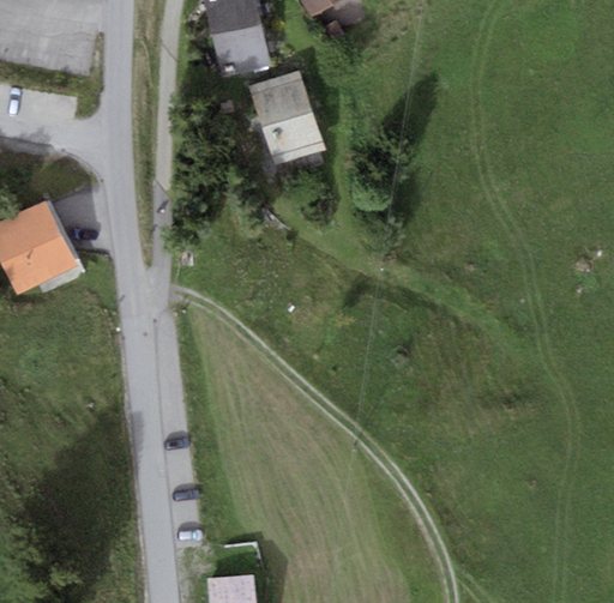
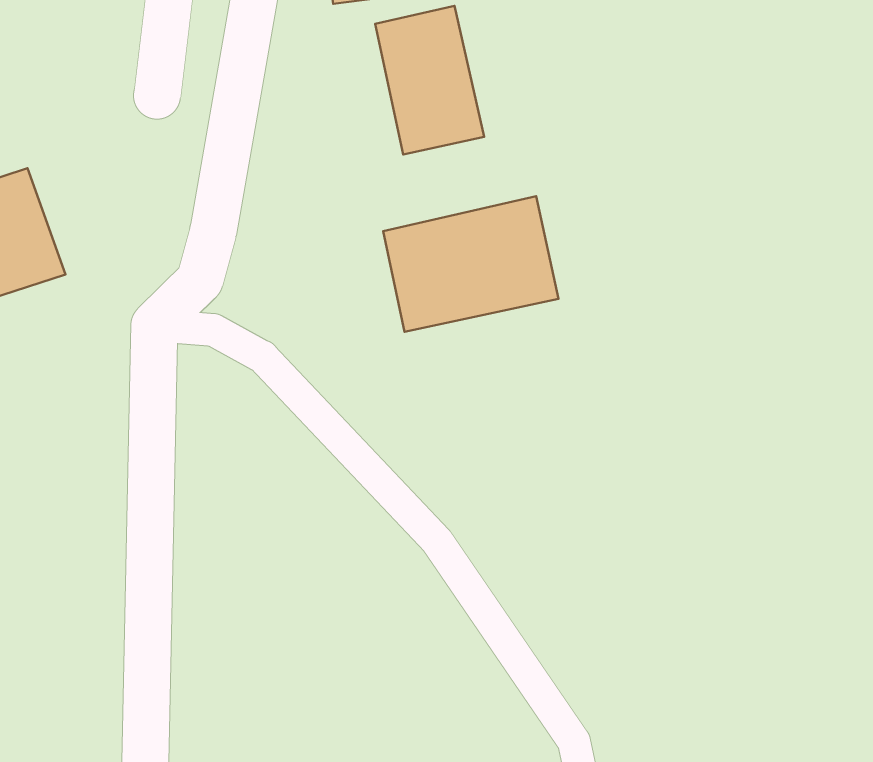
building: none -> [383,196,559,332]

